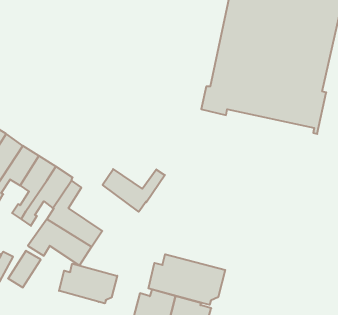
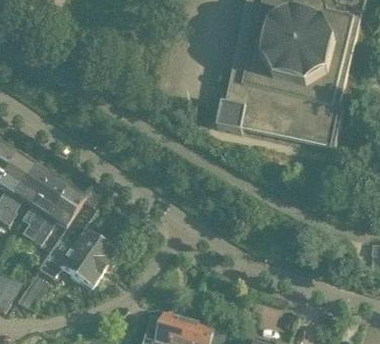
building: [103,169,165,212] -> none
building: [148,254,225,305] -> none
building: [59,264,117,303] -> none

